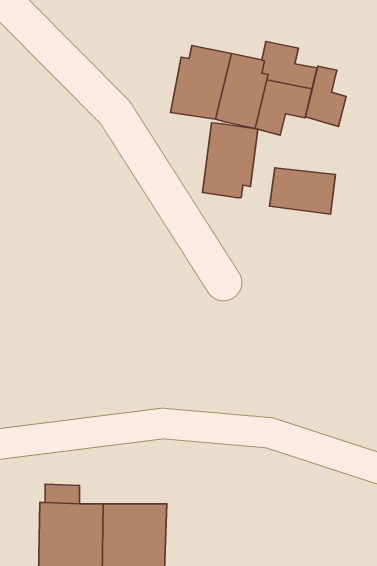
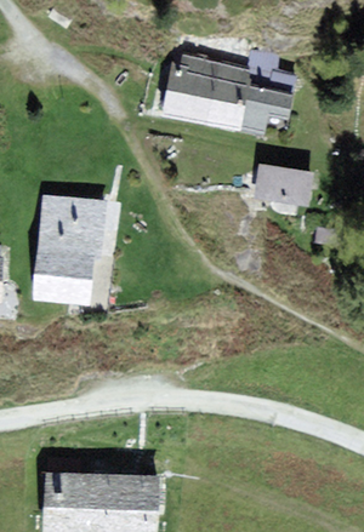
building: [306,66,346,126] -> none
building: [202,123,258,198] -> none
building: none -> [33,194,108,304]

